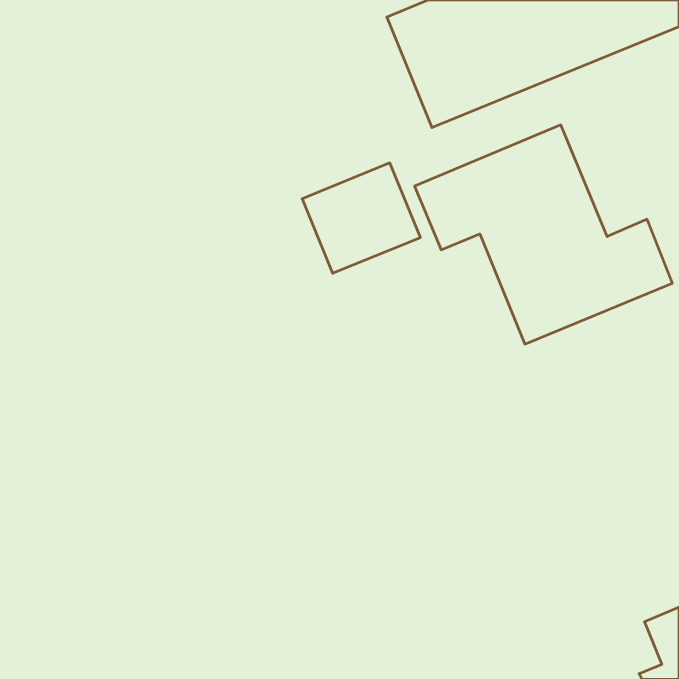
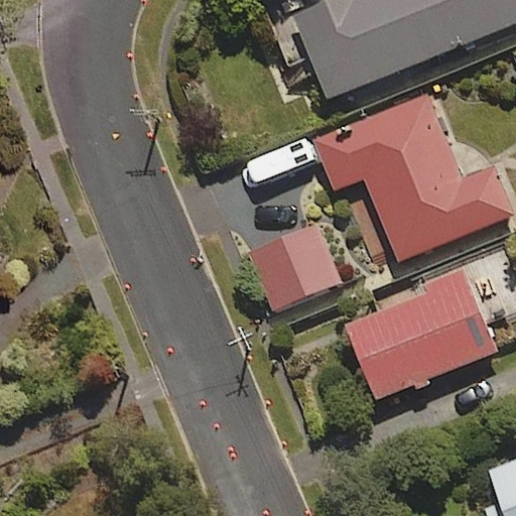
building: [302,163,420,273] -> [251,224,341,307]
building: none -> [344,275,495,402]

